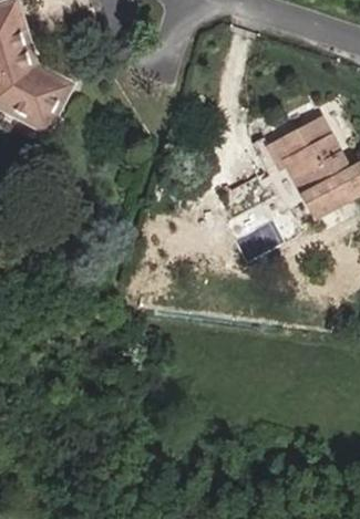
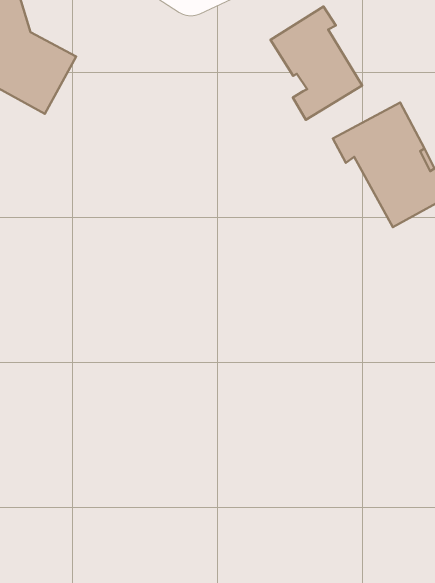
building: none -> [271,7,362,120]

